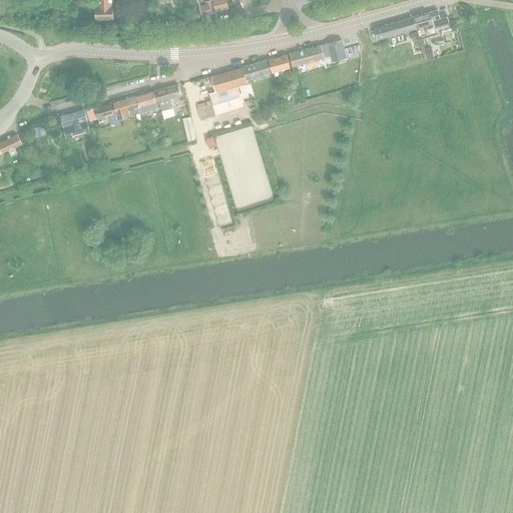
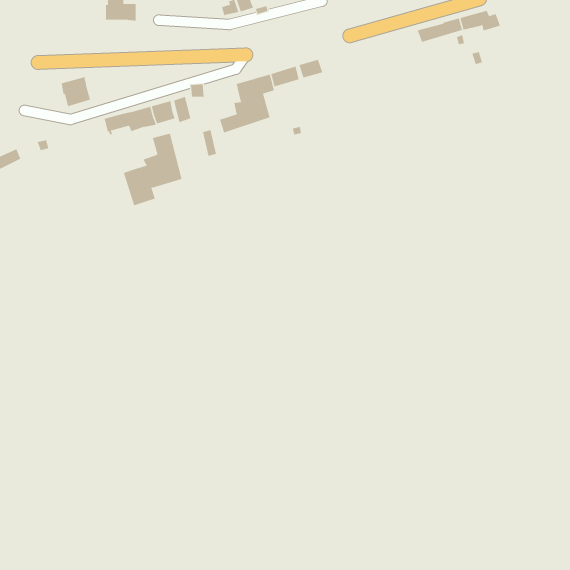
building: [289,38,346,65] -> none
building: [61,109,88,136] -> [61,76,91,107]
building: none -> [123,133,182,206]

